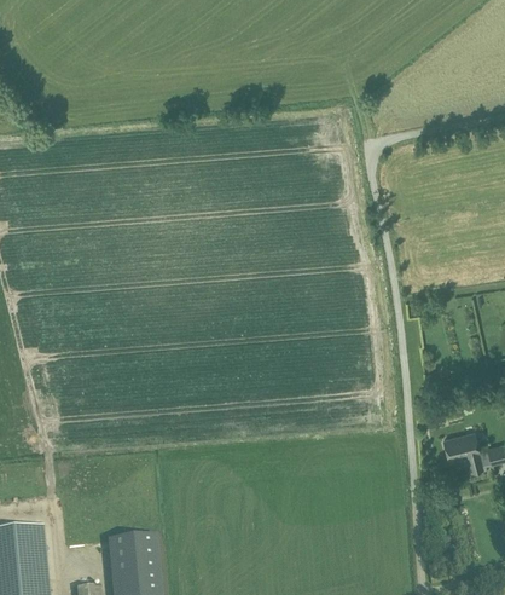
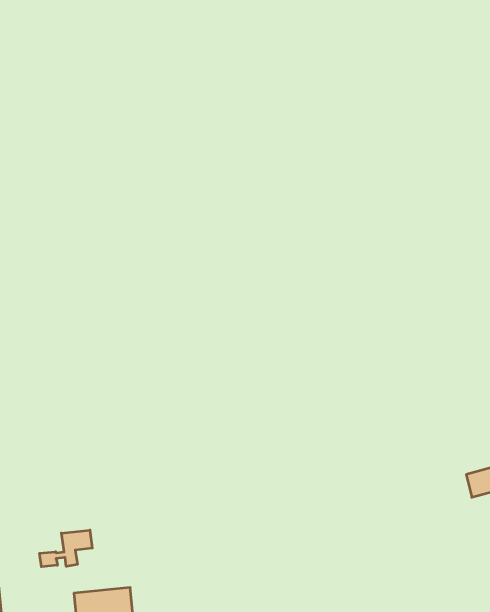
building: none -> [40,530,92,567]

